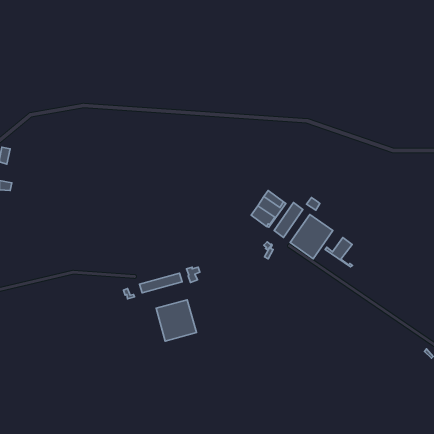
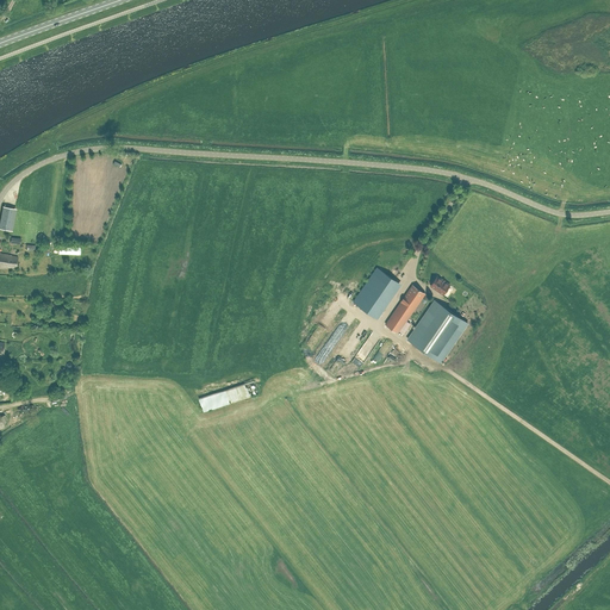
building: [325,238,352,267] -> none
building: [156,300,196,341] -> none

